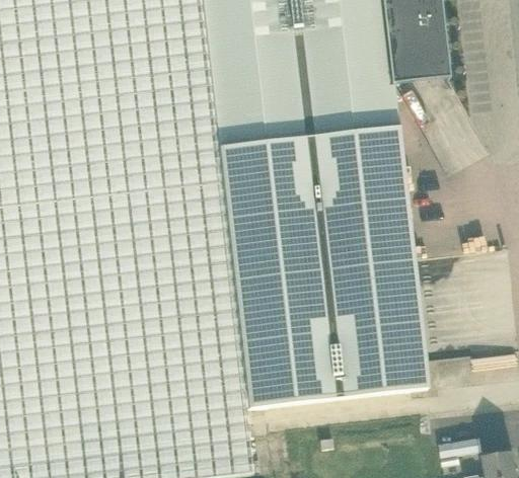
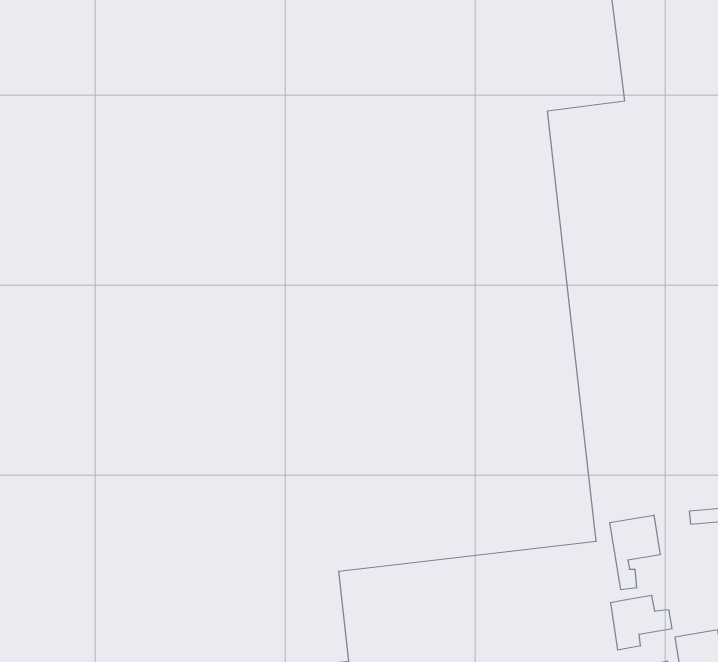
building: none -> [610,515,660,590]

